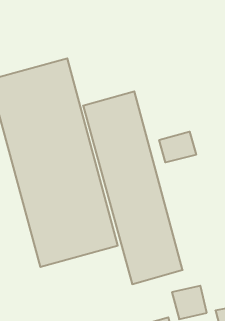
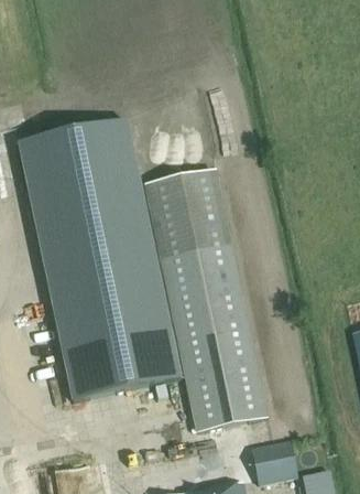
building: [159,132,196,162] -> none

